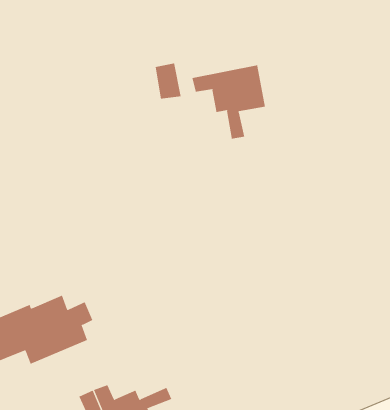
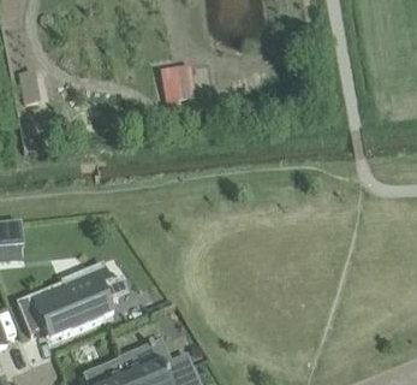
building: [192,64,266,139] -> none

